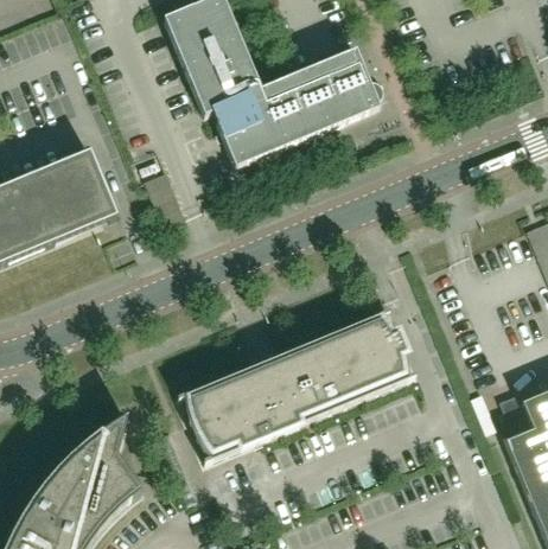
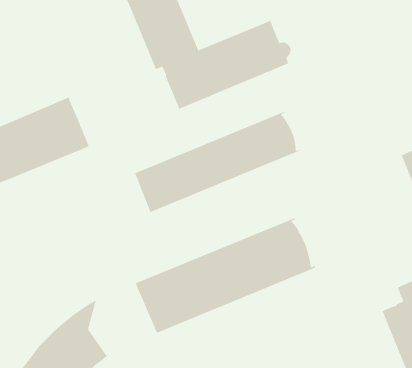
building: none -> [134,111,300,213]

